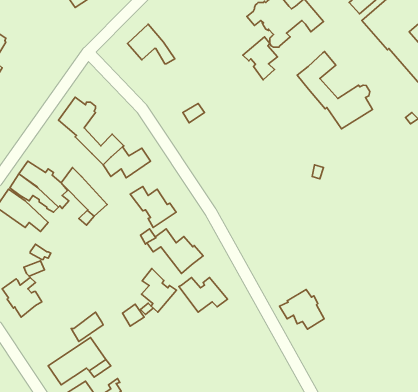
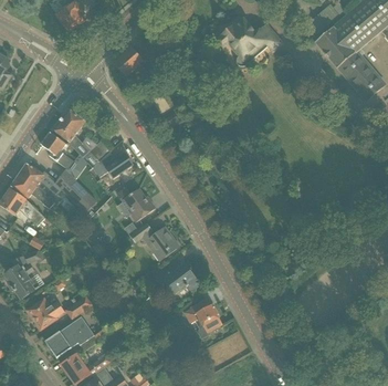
building: [243,37,277,80] -> none
building: [297,51,373,129] -> none
building: none -> [41,133,72,168]
building: [141,269,176,312] -> none
building: [279,289,324,329] -> [182,298,221,332]
building: none -> [27,299,64,330]

